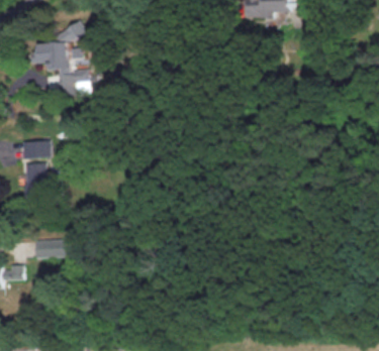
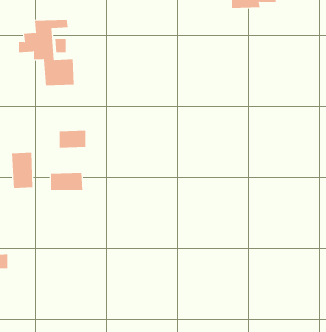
building: [22,140,50,158] -> [59,130,86,148]
building: [34,239,68,257] -> [50,172,83,191]

